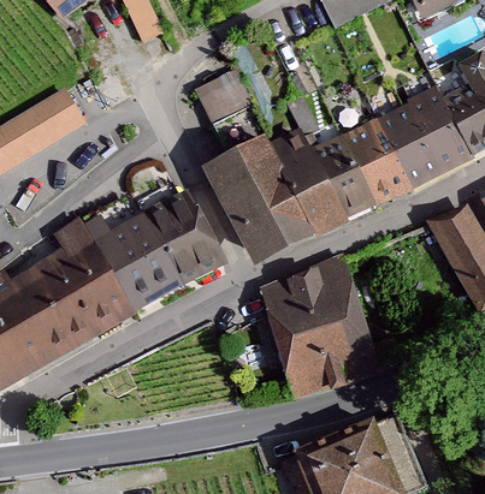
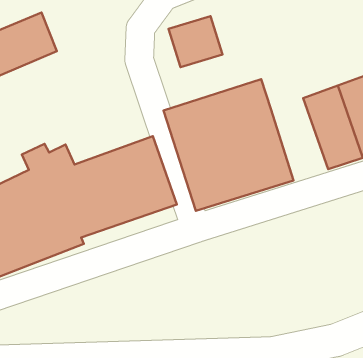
building: [307,133,374,219] -> none
building: [255,255,371,392] -> none

